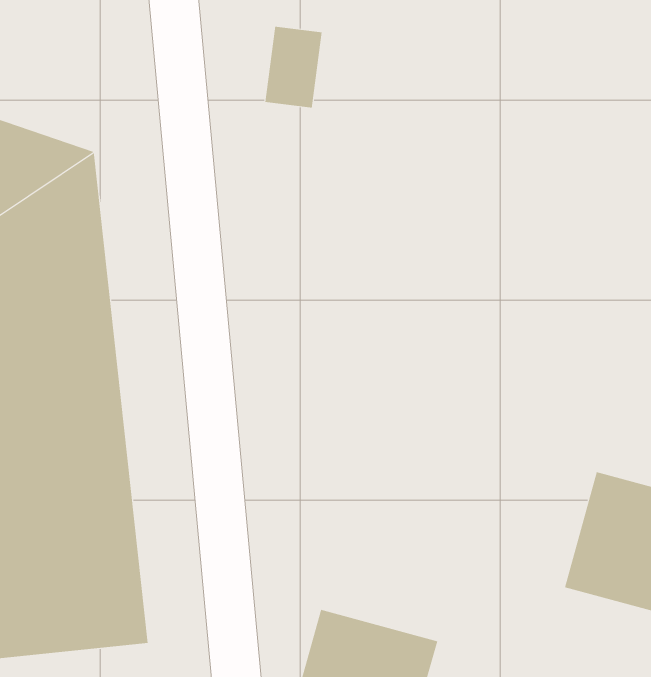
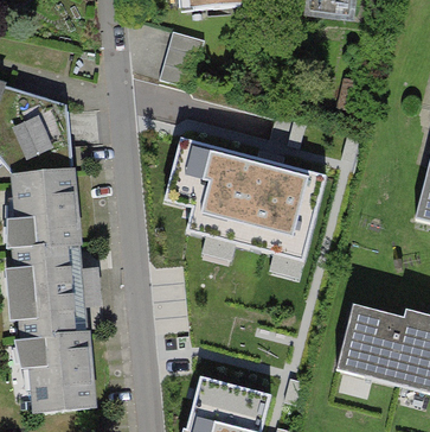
building: none -> [167,138,326,263]

